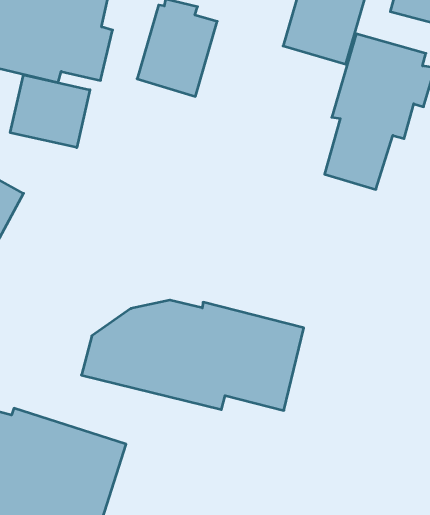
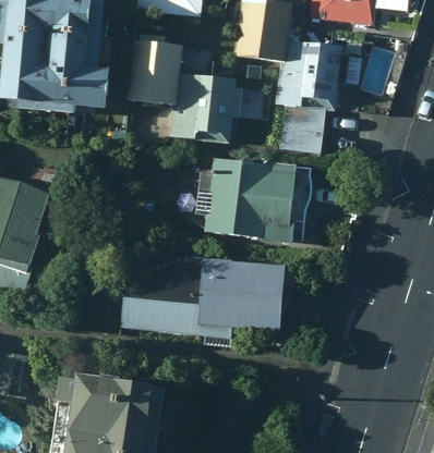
building: none -> [171,74,243,145]
building: [10,75,90,148] -> none
building: none -> [196,159,310,246]

